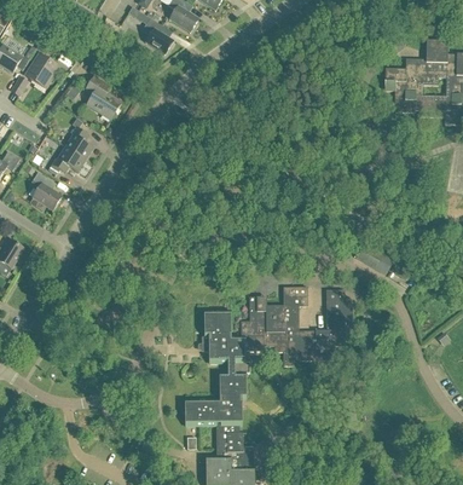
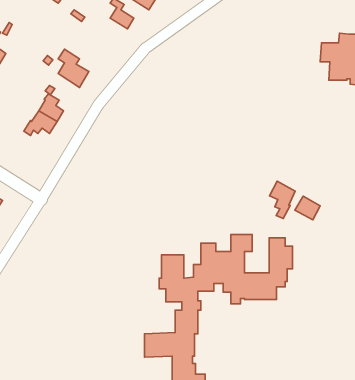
building: [27,53,58,85] -> none
building: [30,171,62,208] -> none
building: none -> [270,181,295,219]

